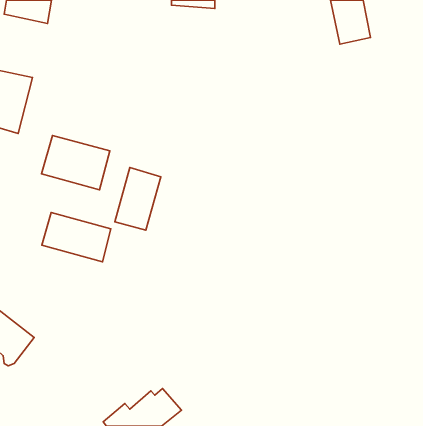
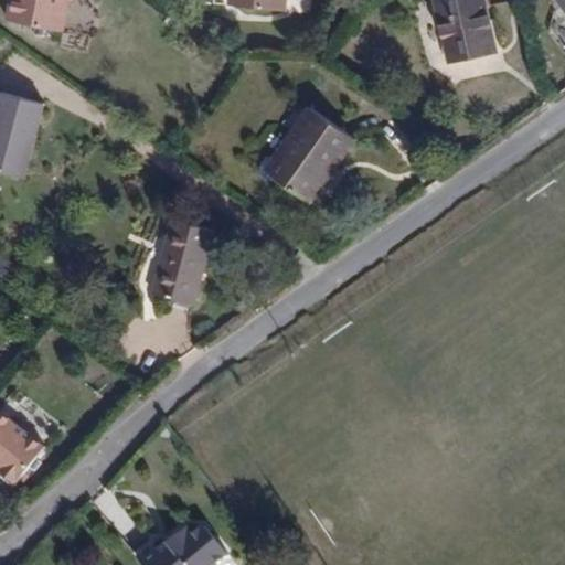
building: none -> [265,108,351,200]
building: [42,135,110,190] -> none
building: [42,213,111,262] -> none

